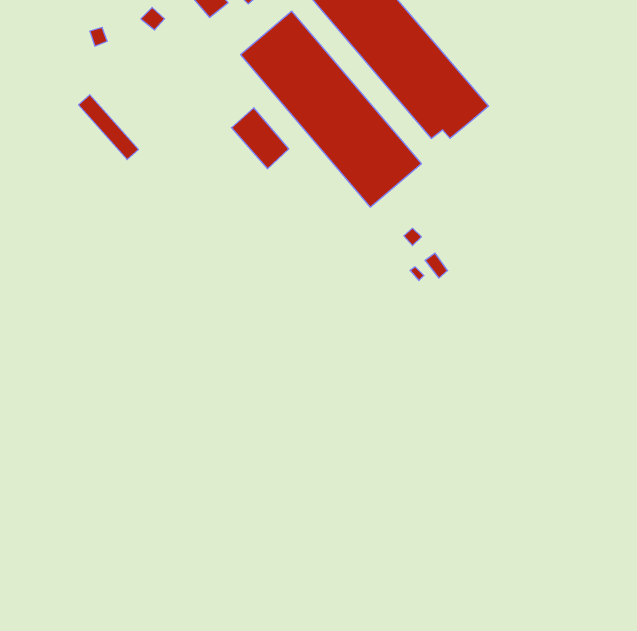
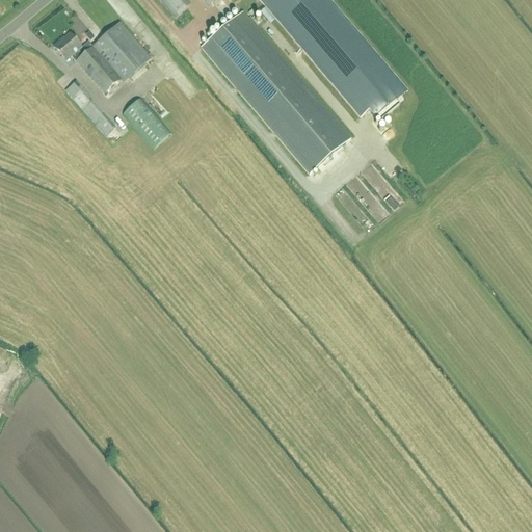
building: none -> [54,20,151,90]
building: [231,108,289,169] -> [123,96,170,147]

